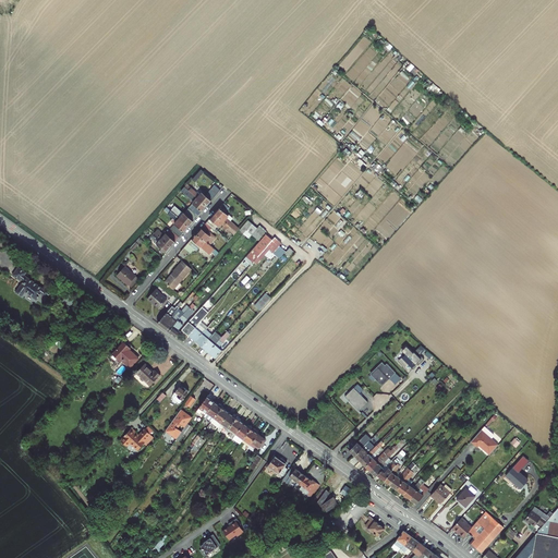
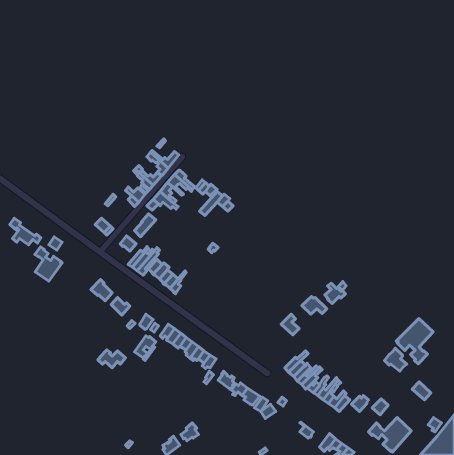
building: none -> [35,247,62,281]
building: none -> [396,319,433,364]

